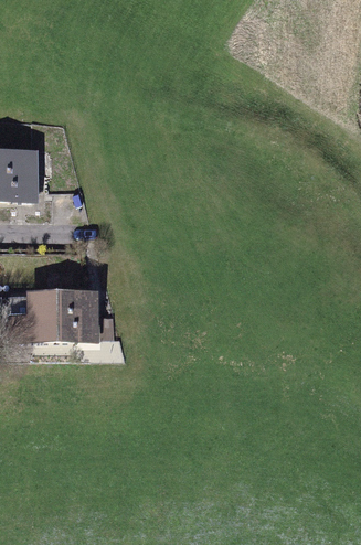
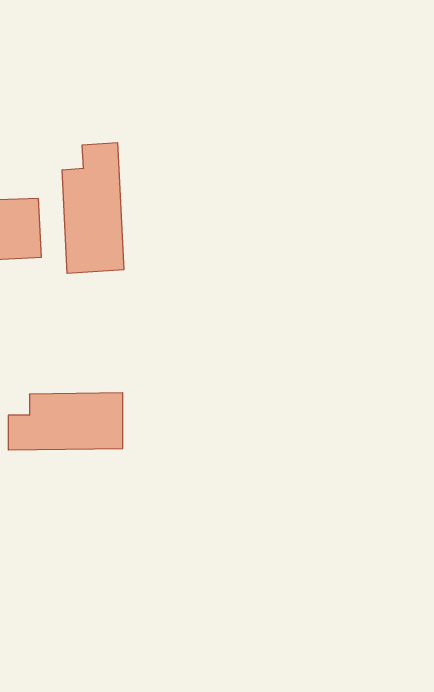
building: none -> [62,143,124,273]

